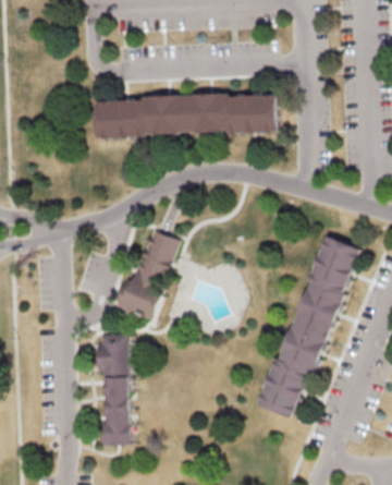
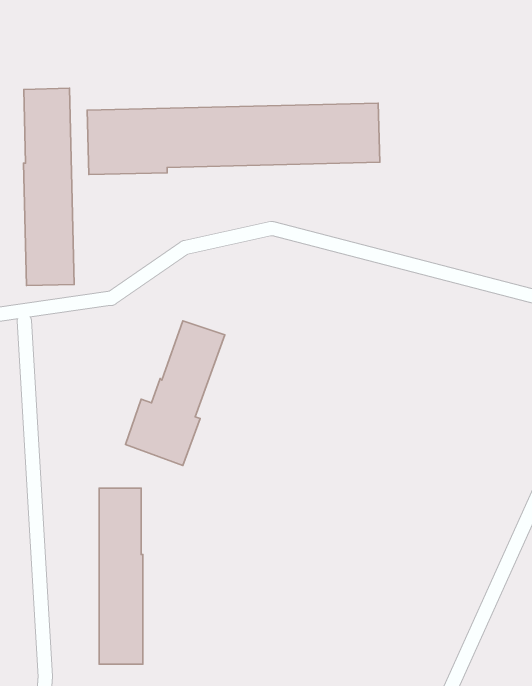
building: none -> [24,88,74,286]
building: [264,234,358,419] -> none

